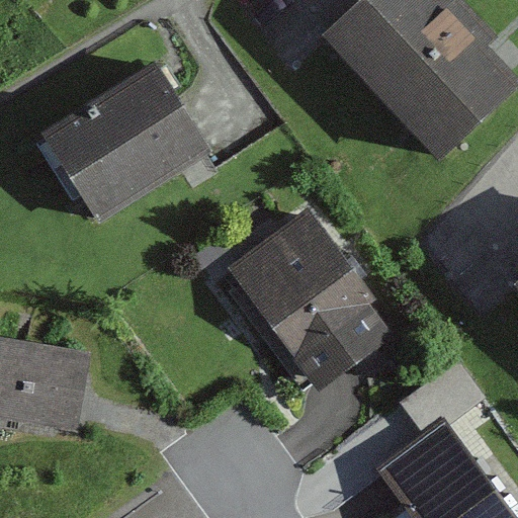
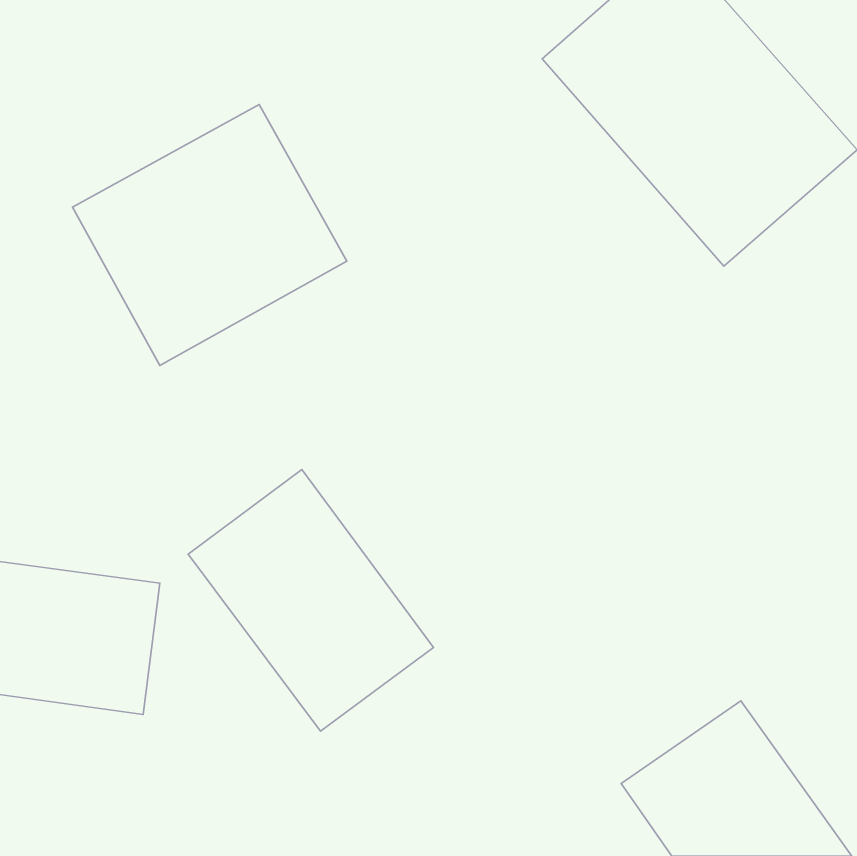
building: [227,217,393,392] -> none
building: none -> [188,469,434,731]

